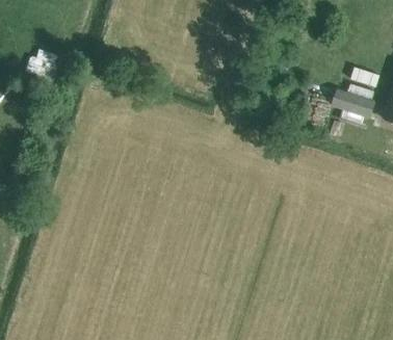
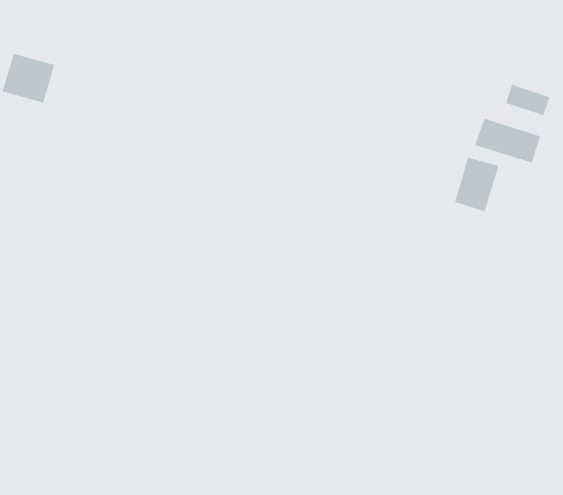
building: none -> [454,157,499,212]

